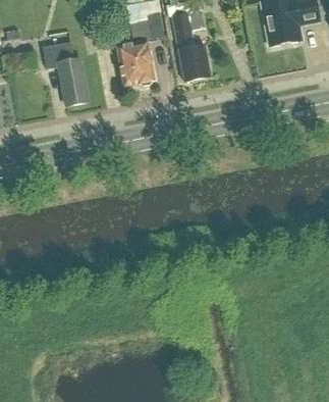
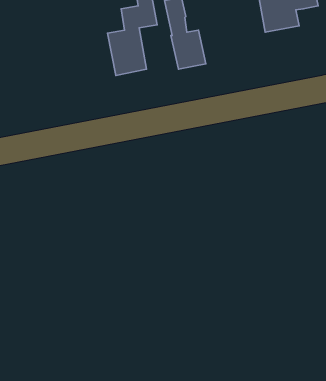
building: [43,41,88,105] -> none

